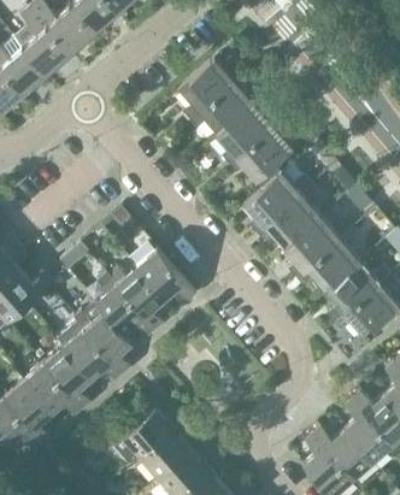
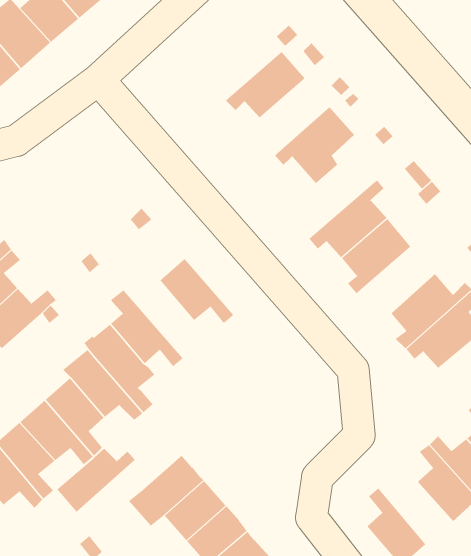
building: [177,59,234,122] -> none
building: [216,104,272,166] -> none
building: [243,173,311,234] -> none
building: [294,240,358,294] -> none
building: [107,267,163,330] -> none
building: none -> [56,448,136,512]
building: [312,428,372,481] -> none

